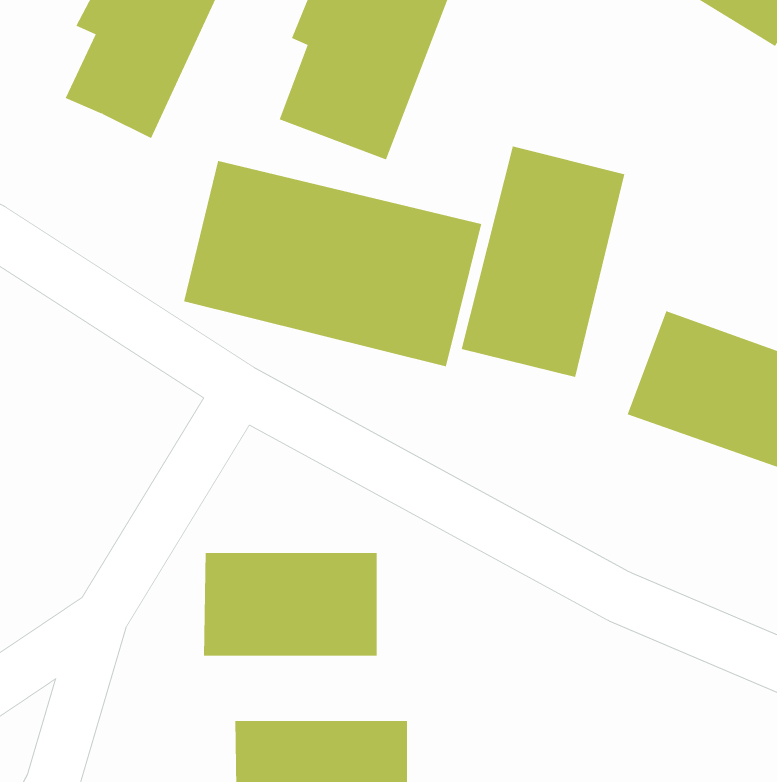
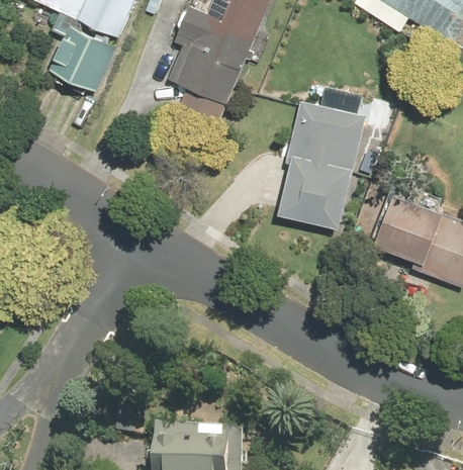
building: [183,160,482,367] -> none
building: [203,552,377,657] -> none

